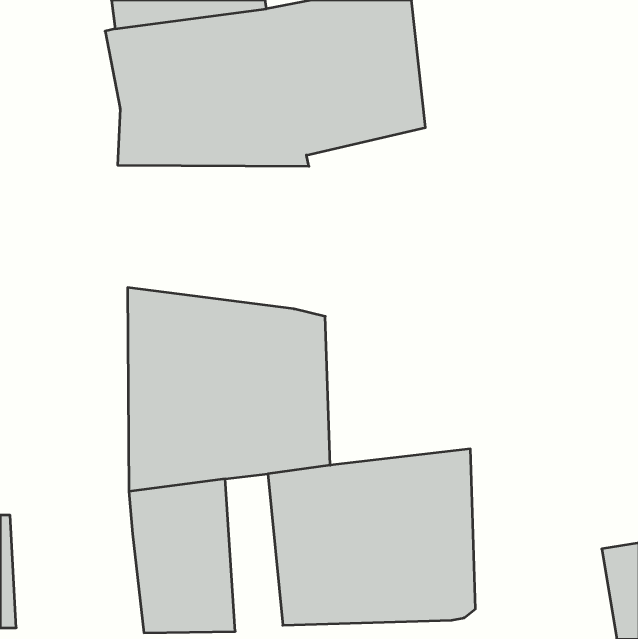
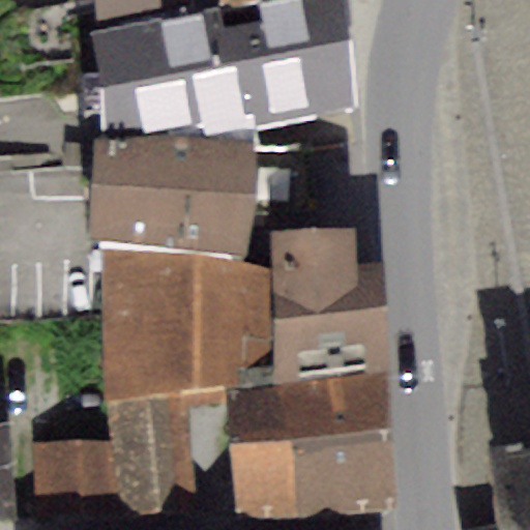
building: none -> [88,137,257,256]
building: none -> [270,227,390,385]
building: none -> [34,442,120,525]

